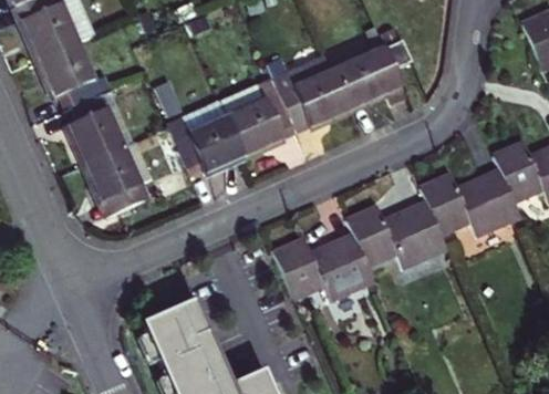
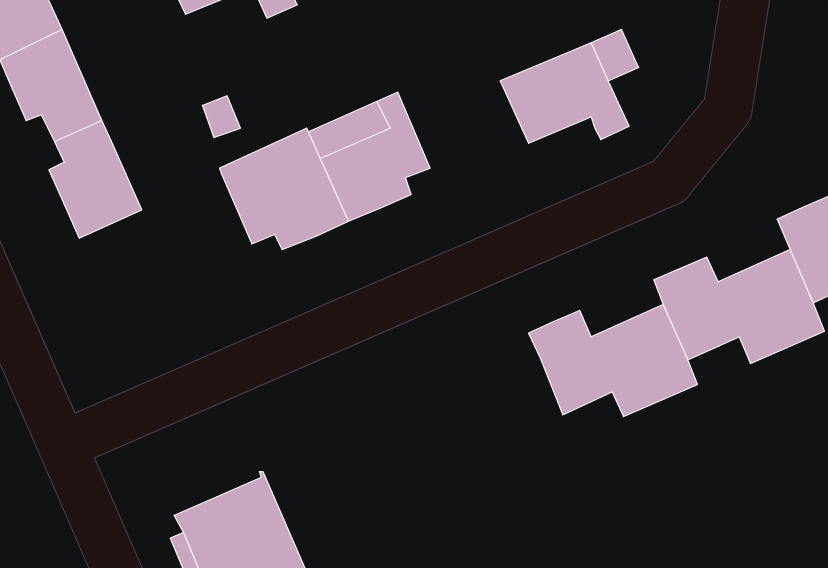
building: [267,54,349,124] -> none
building: [86,146,147,218] -> none
building: [276,232,375,299] -> none

